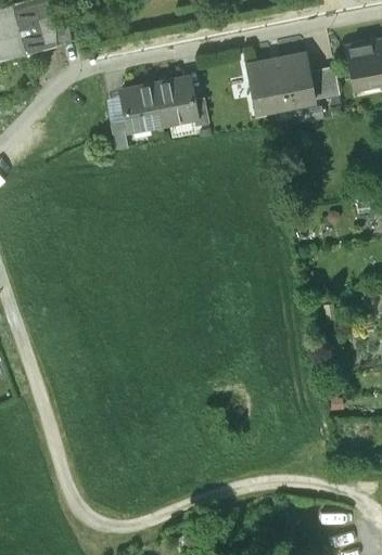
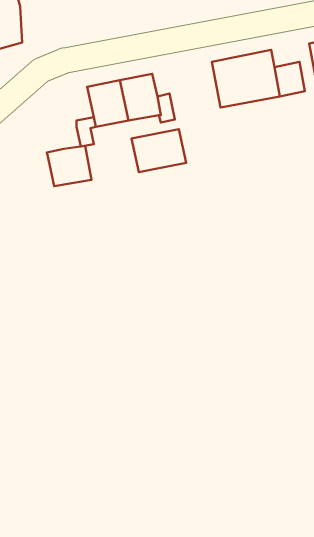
building: none -> [132,129,186,172]
building: none -> [47,146,92,186]

